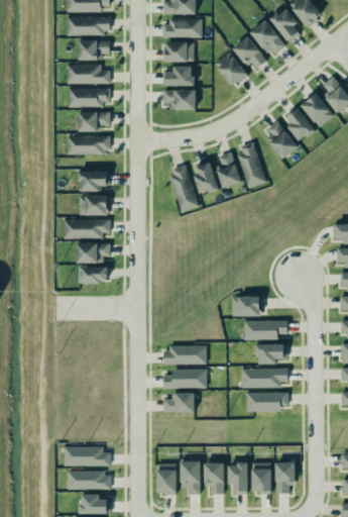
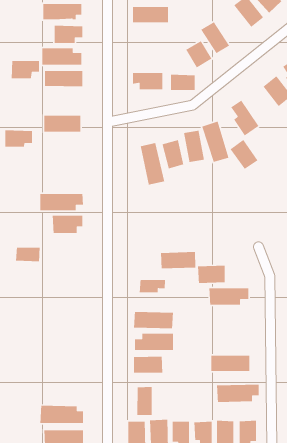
building: [250,19,285,57] -> none
building: [164,41,193,62] -> none
building: [165,67,193,85] -> [170,74,196,91]
building: [283,107,315,140] -> [229,139,259,170]
building: [78,111,109,131] -> [11,60,40,79]
building: [79,171,109,190] -> [5,130,33,148]
building: [79,195,108,215] -> none
building: [80,267,107,283] -> [15,247,41,262]
building: none -> [160,251,196,269]
building: none -> [139,279,166,293]
building: [254,343,286,364] -> none
building: [240,368,286,388] -> [216,384,260,403]
building: none -> [137,386,153,416]

